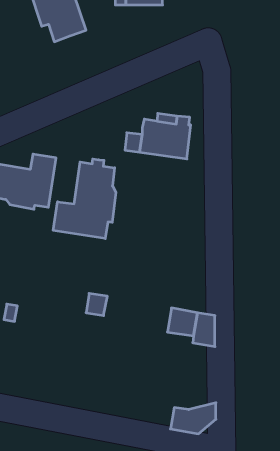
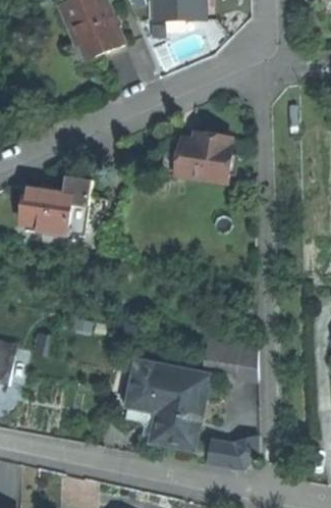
building: [53,159,116,239] -> none
building: none -> [126,360,207,447]

